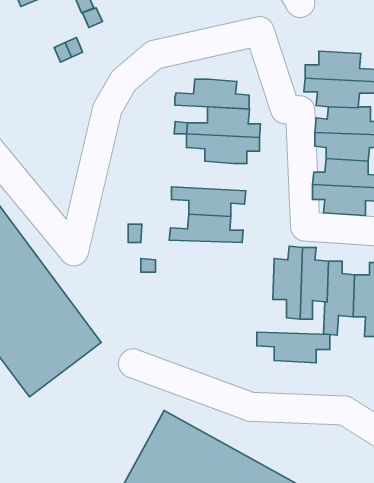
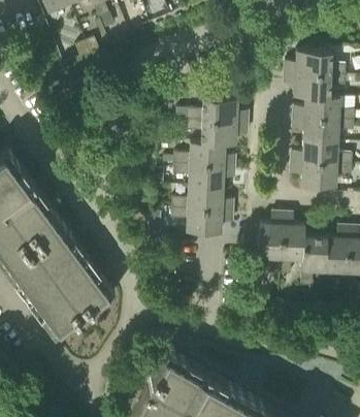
building: [175,79,249,109] -> [172,140,234,165]
building: [257,332,330,363] -> [170,206,231,232]

